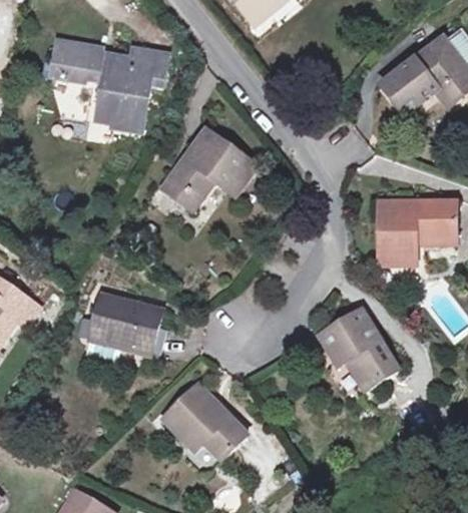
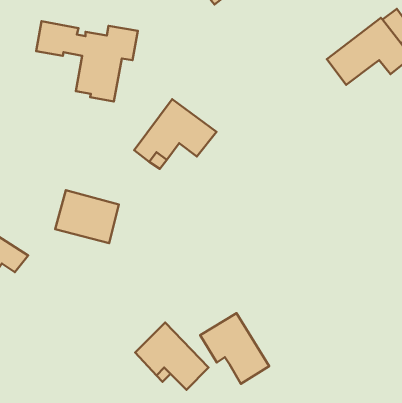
building: [379,201,455,264] -> none
building: [89,294,161,354] -> [55,190,119,243]
building: [320,309,398,389] -> [200,313,269,384]

